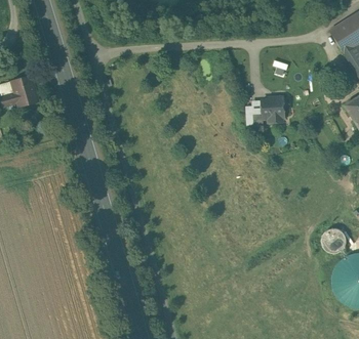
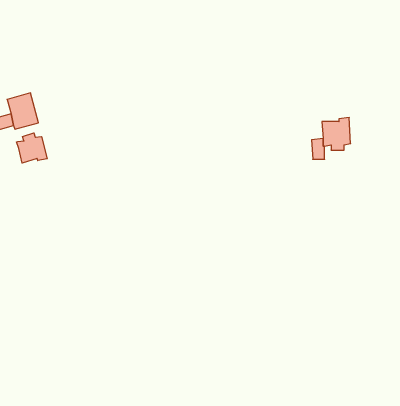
building: none -> [17,133,47,163]

